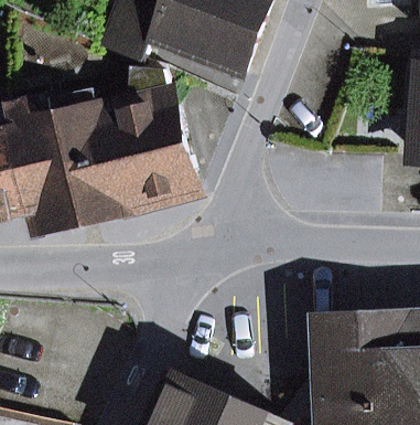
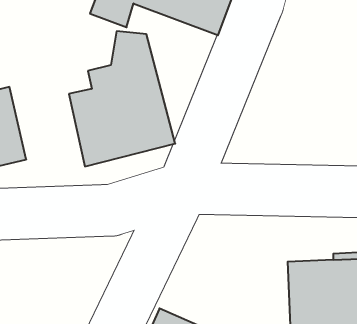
building: [13,99,105,233] -> none

